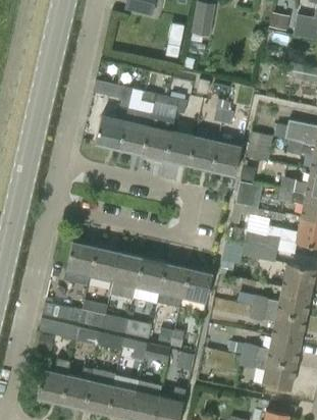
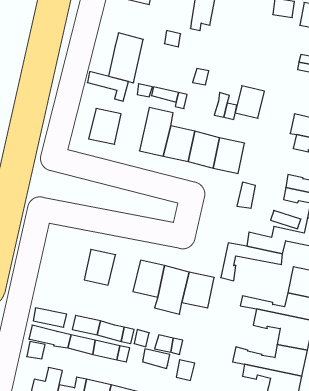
building: [119,108,152,155] -> [109,33,143,83]
building: [246,132,273,162] -> [235,86,264,118]
building: [64,242,97,285] -> none
building: [113,253,144,287] -> none

